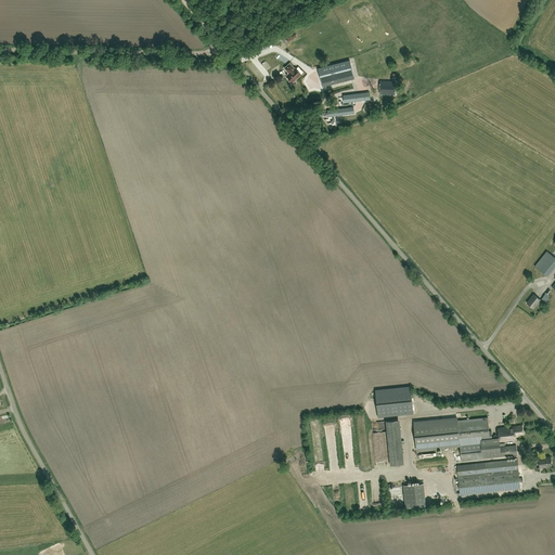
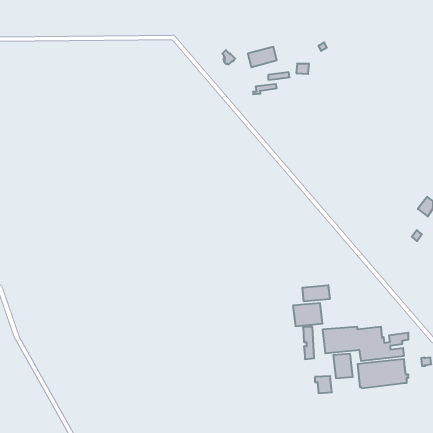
building: none -> [302,285,330,301]
building: none -> [333,354,353,378]

